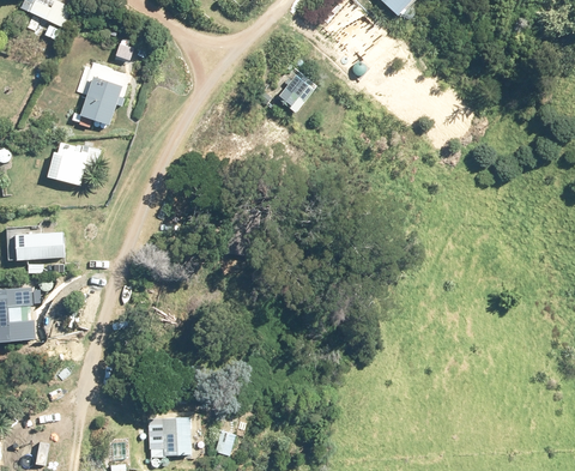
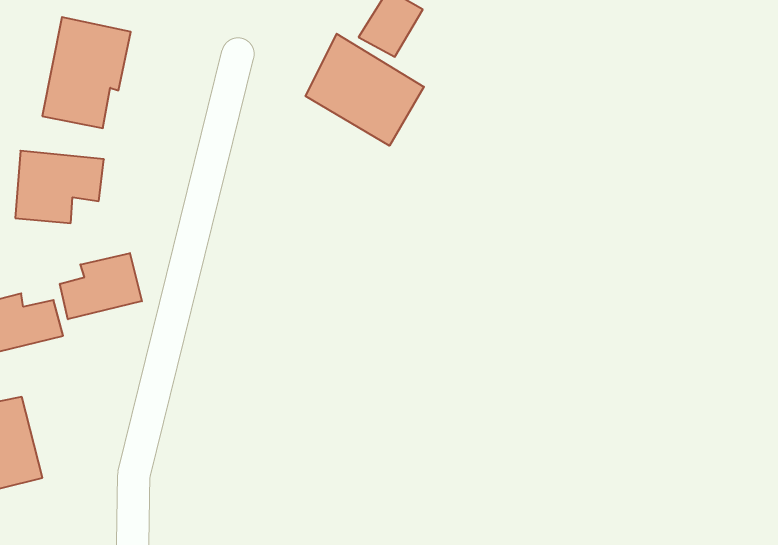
building: none -> [306,34,424,146]
building: none -> [60,253,142,319]

